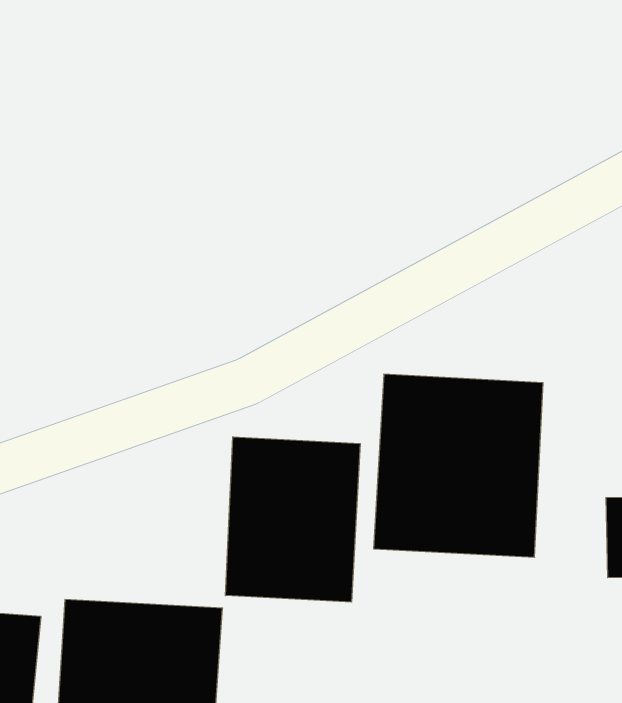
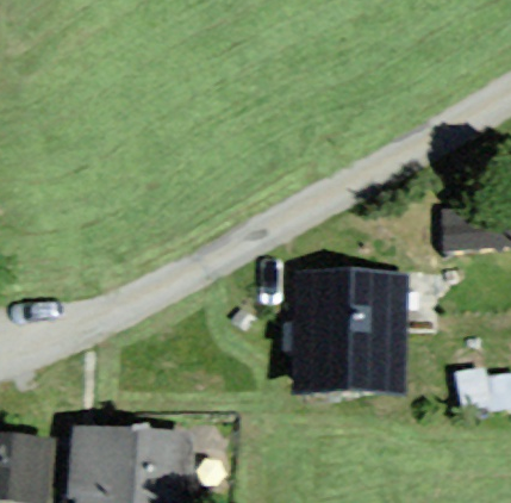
building: [225,437,360,602] -> none

